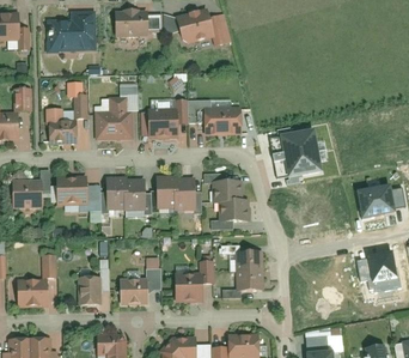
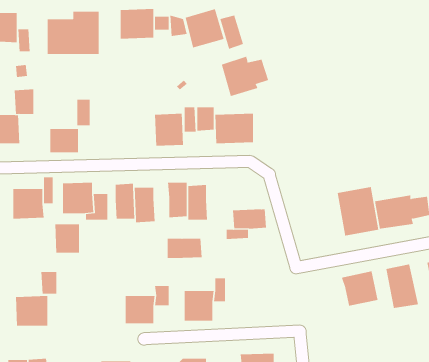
building: none -> [221,56,269,97]
building: [93,97,133,140] -> none
building: [282,129,322,176] -> [337,186,379,236]
building: [214,180,248,199] -> [167,238,203,259]
building: [237,253,263,292] -> none
building: none -> [341,271,378,307]
building: [77,278,100,305] -> [54,224,80,253]

